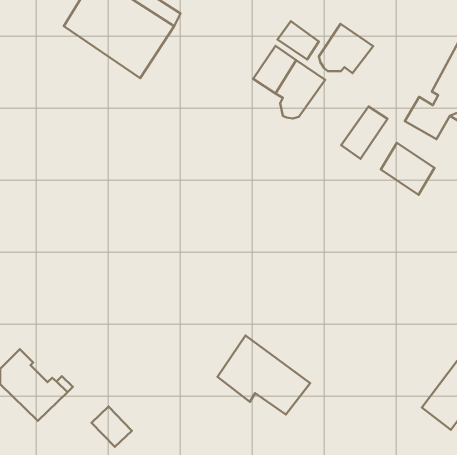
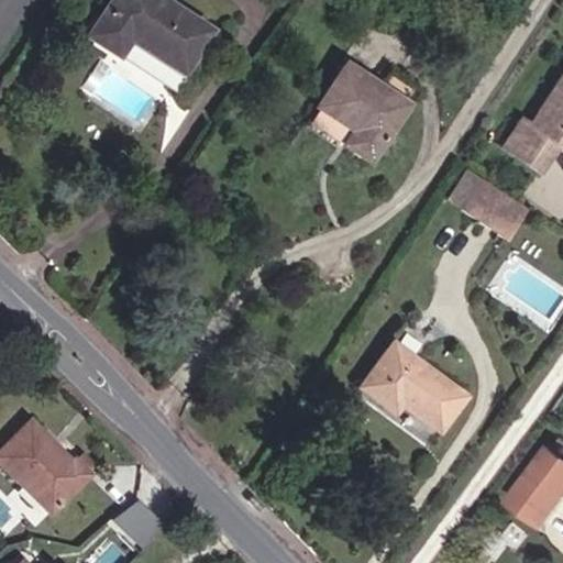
building: [278,21,319,59] -> none
building: [319,24,373,73] -> none
building: [341,107,387,159] -> none
building: [218,336,310,415] -> [364,336,477,433]

